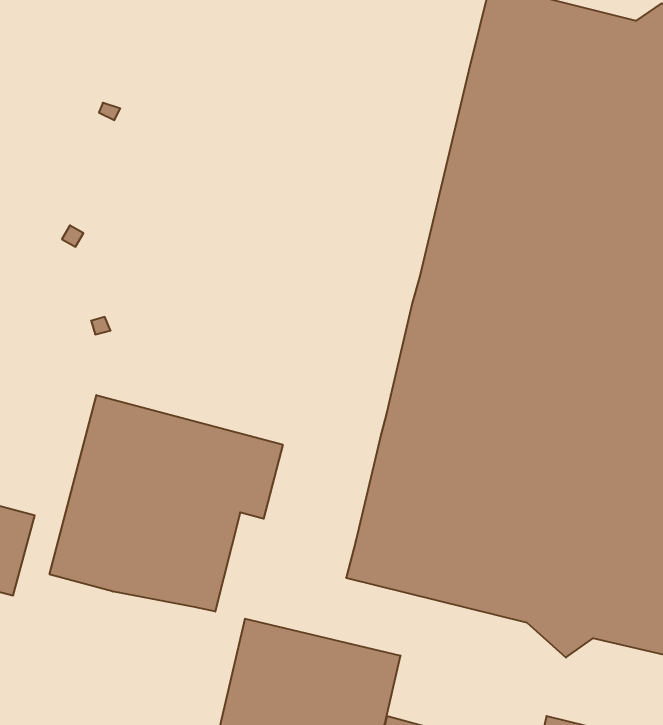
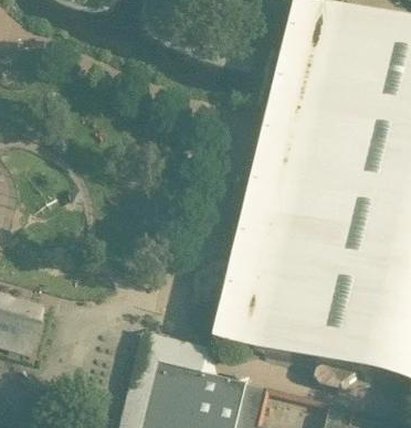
building: [50,395,283,612] -> none

